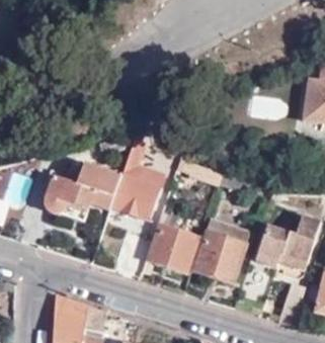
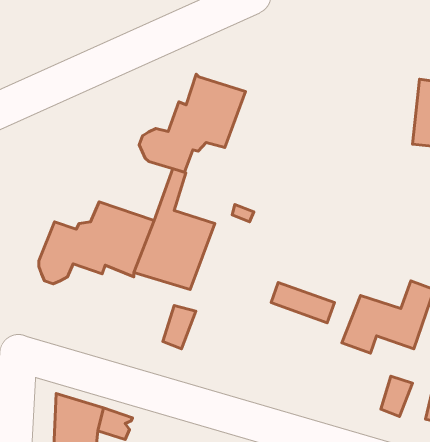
building: none -> [139,74,246,172]
building: [149,210,197,273] -> none
building: [195,232,245,281] -> none

